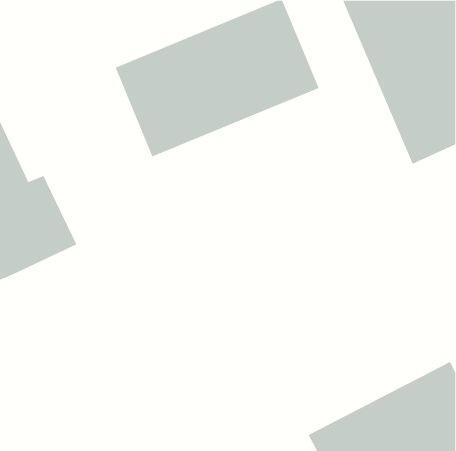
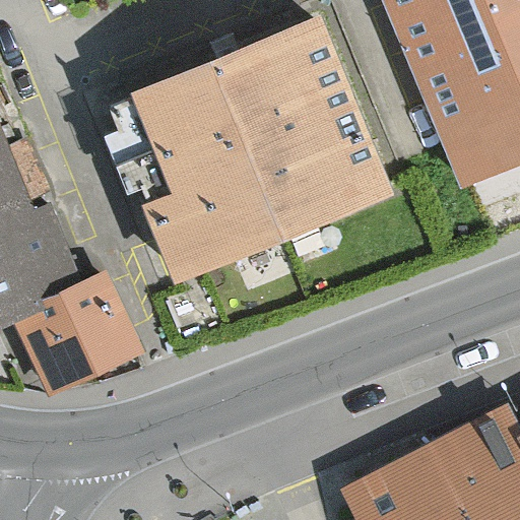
building: none -> [142,109,393,275]
building: none -> [12,277,141,400]

